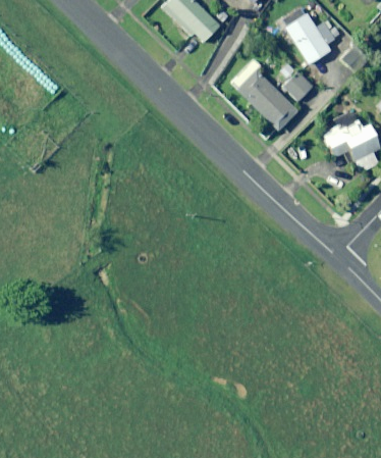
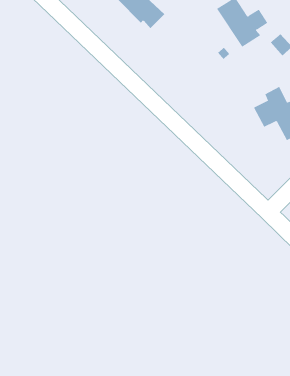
building: [233,60,297,131] -> none
building: [283,72,313,102] -> none

